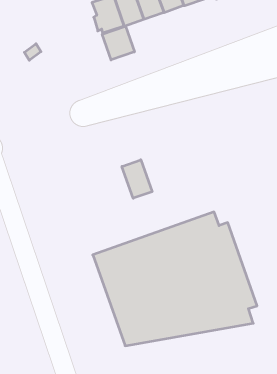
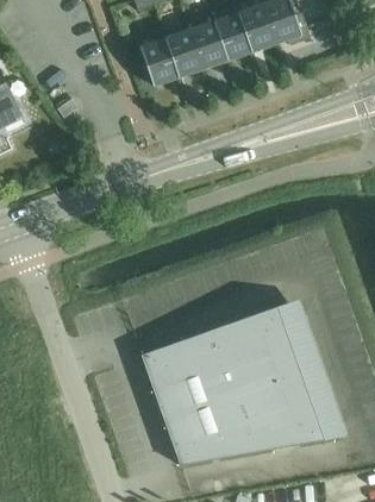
building: [102,26,134,60] -> none
building: [122,160,152,198] -> none

